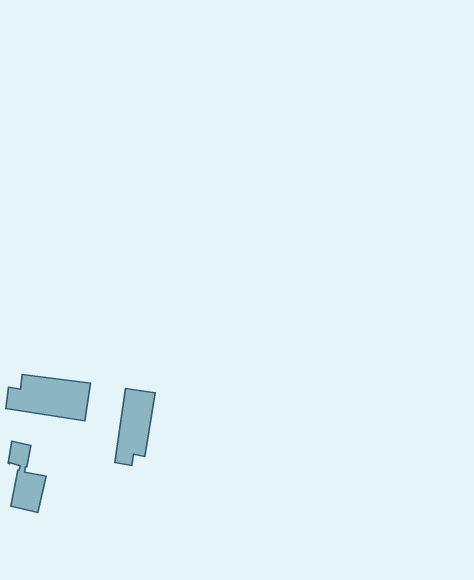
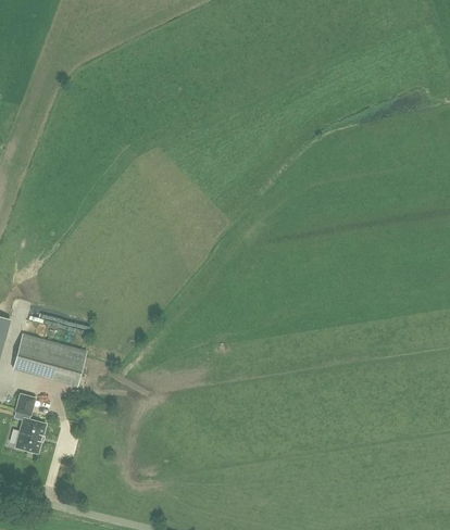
building: [115,388,155,465] -> none

